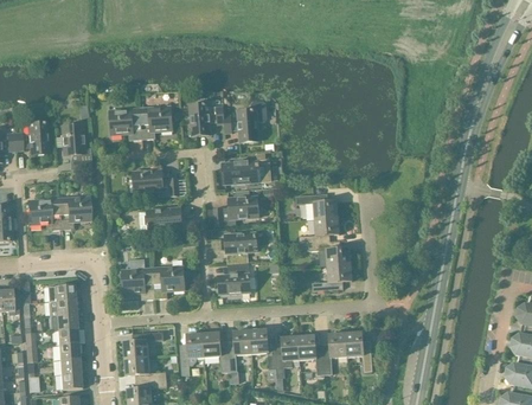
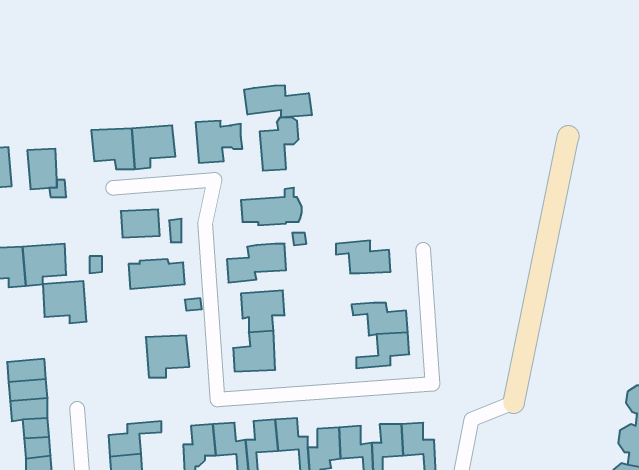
building: none -> [244,85,312,118]
building: [299,217,339,243] -> none
building: [121,266,154,298] -> [43,281,87,323]

